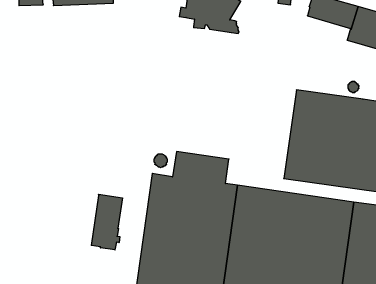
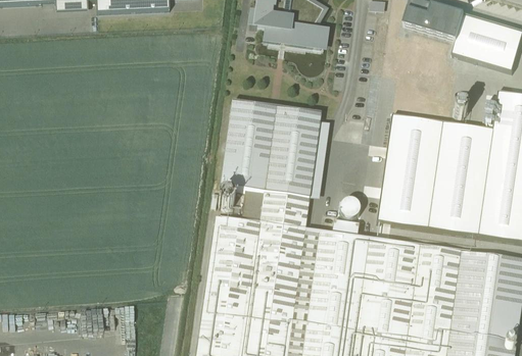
building: none -> [221,99,322,197]
building: [91,194,122,250] -> none

